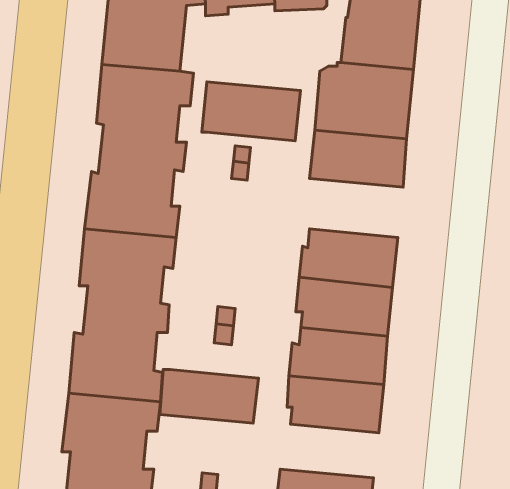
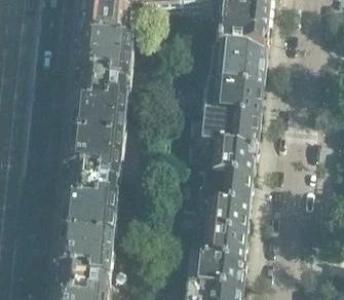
building: [202,82,300,141] -> [202,108,261,143]
building: [160,369,258,423] -> [188,254,246,286]

